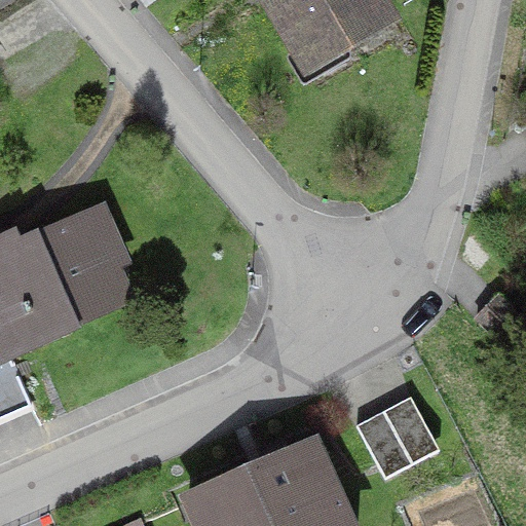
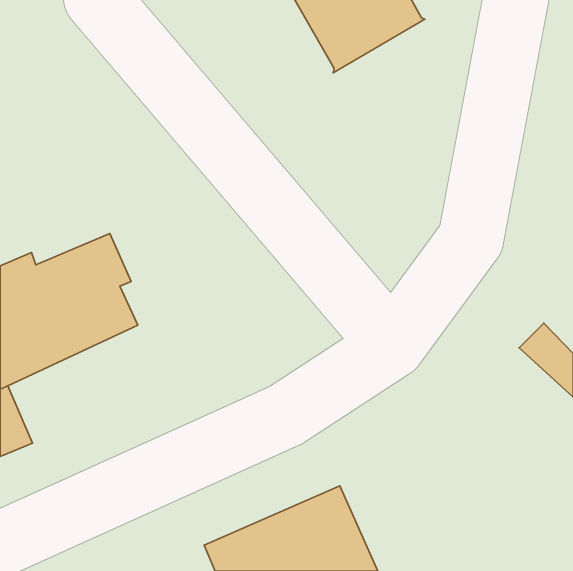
building: [355,397,439,480] -> none

